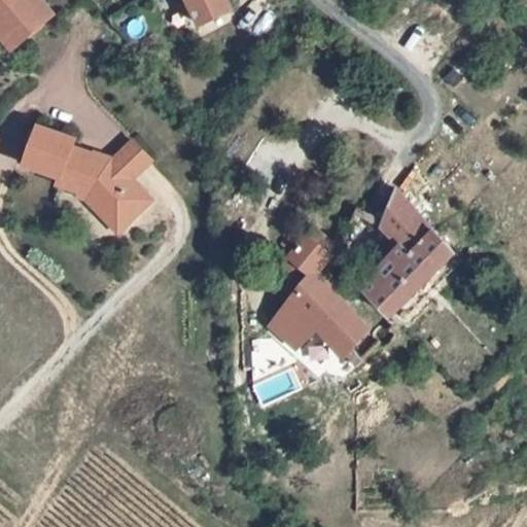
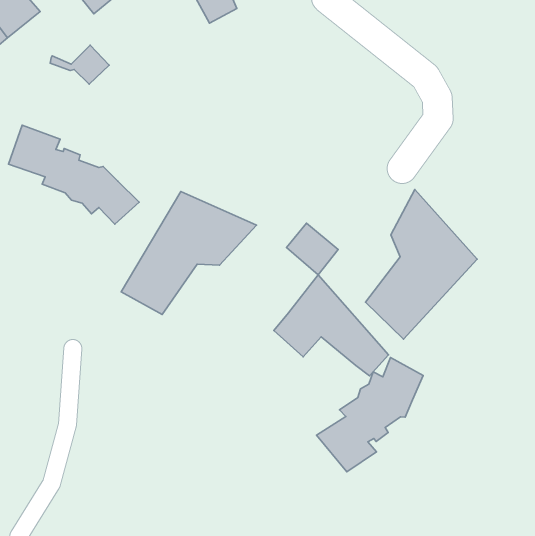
building: [77,139,135,177] -> [50,45,109,84]
building: none -> [121,191,256,314]
building: none -> [317,358,423,472]

